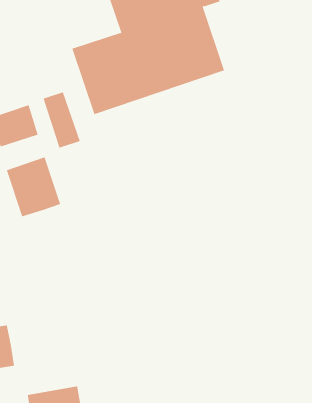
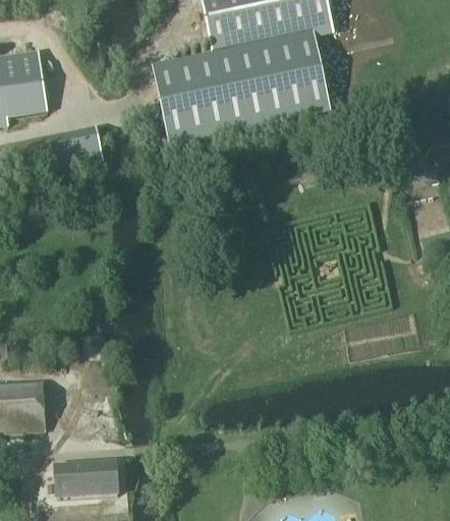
building: [43,91,80,148] -> none
building: [6,157,61,217] -> none

